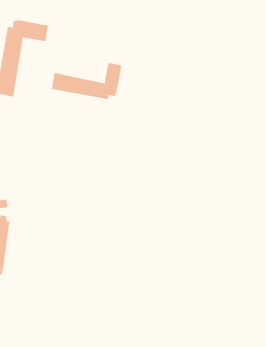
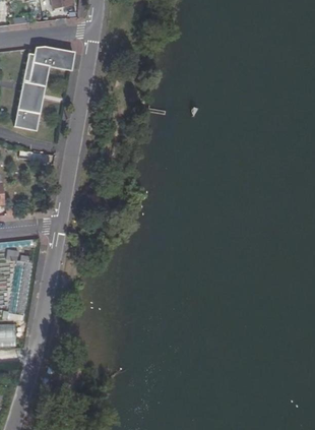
building: [51,62,122,100] -> none

